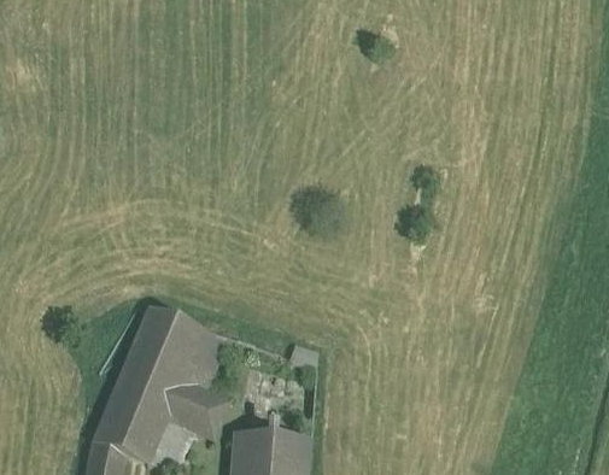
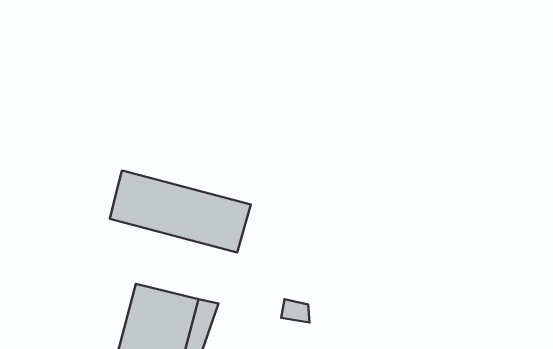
building: none -> [110,171,251,253]

